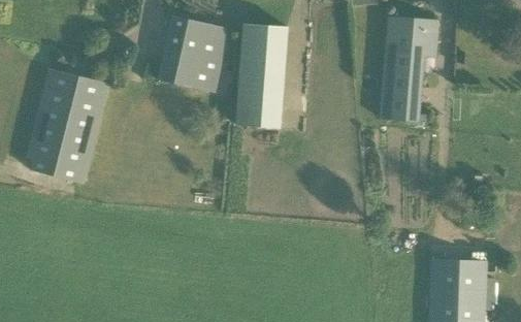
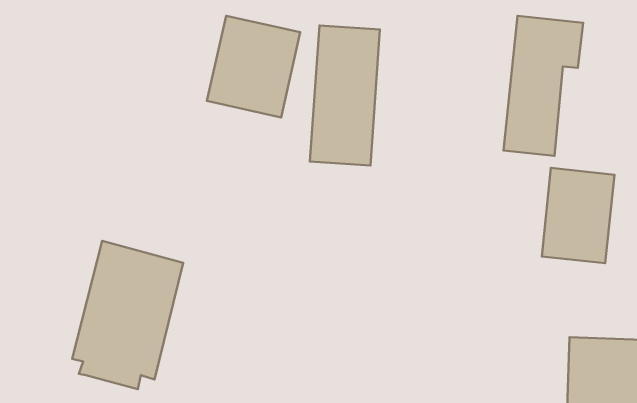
building: [23,67,106,179] -> [72,241,183,389]
building: none -> [542,168,614,263]

